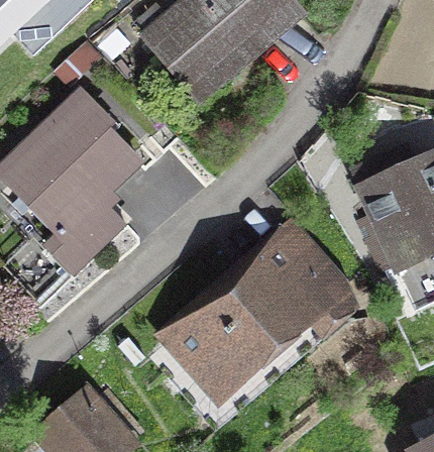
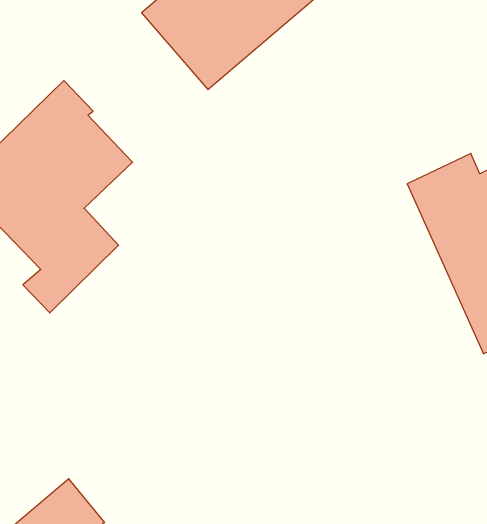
building: [173,233,337,389] -> none

